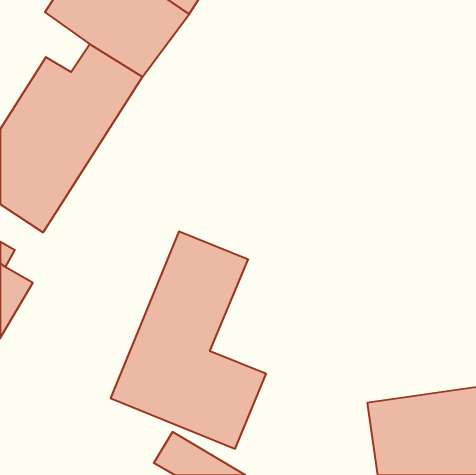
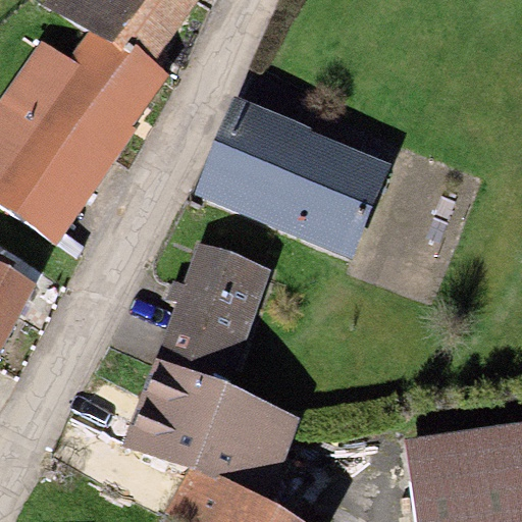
building: none -> [189,116,379,253]

